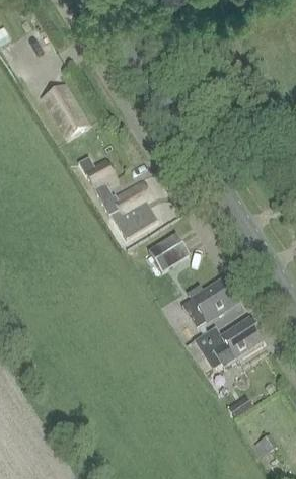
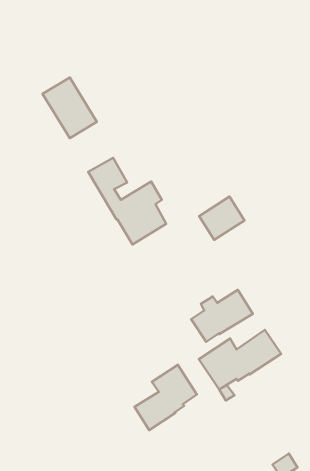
building: [147,232,190,272] -> [199,197,245,240]
building: none -> [134,365,197,430]

